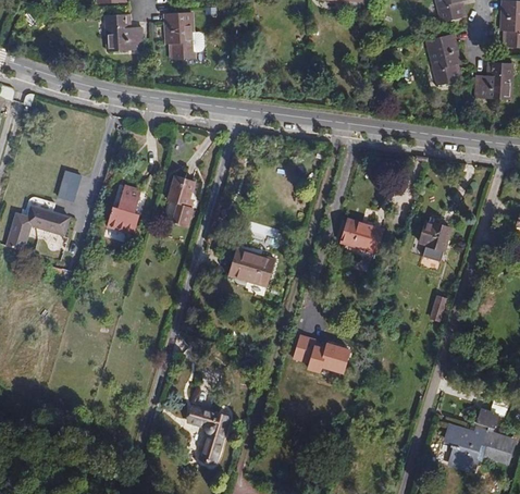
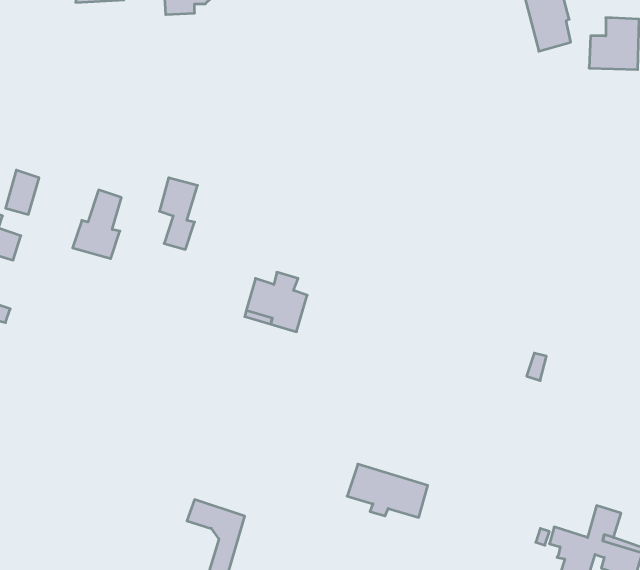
building: [341,219,382,254] -> none
building: [418,222,450,263] -> none
building: [292,335,349,373] -> [347,464,428,517]

